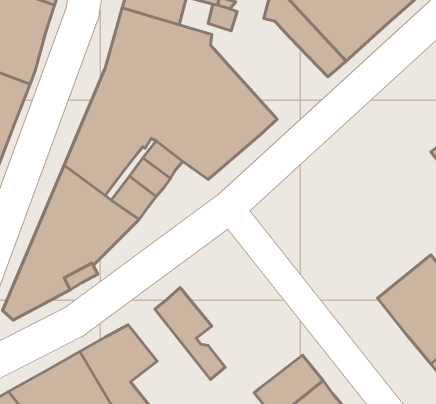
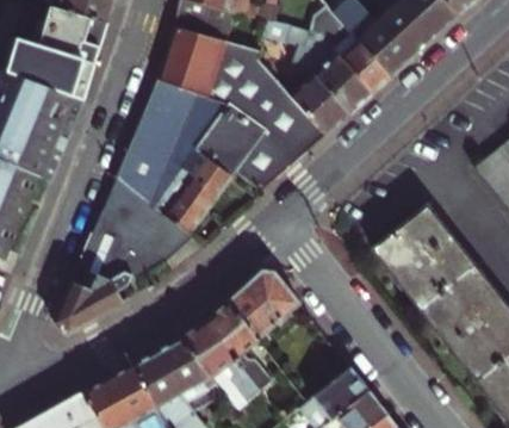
building: none -> [259,30,374,134]
building: none -> [374,205,476,310]
building: none -> [229,274,300,337]
building: none -> [178,321,259,407]

